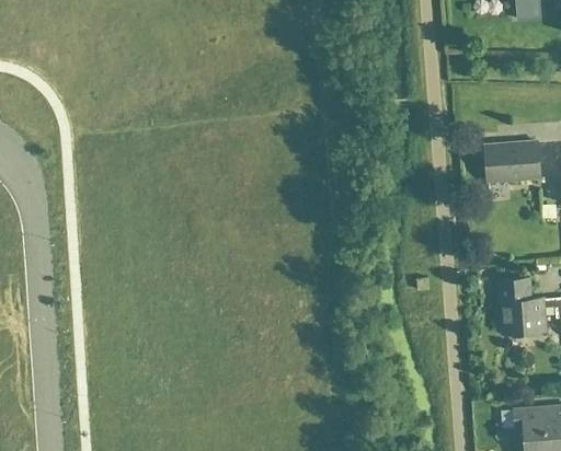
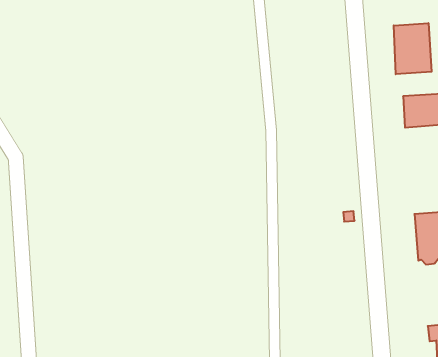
building: none -> [394,23,432,74]

